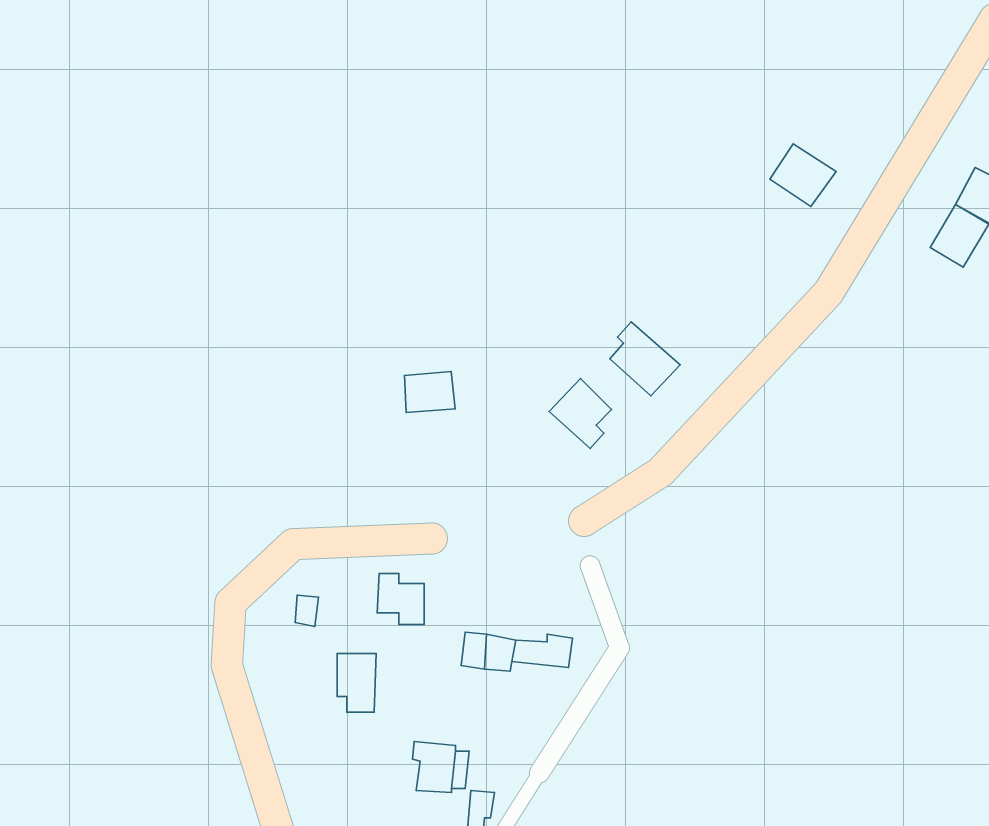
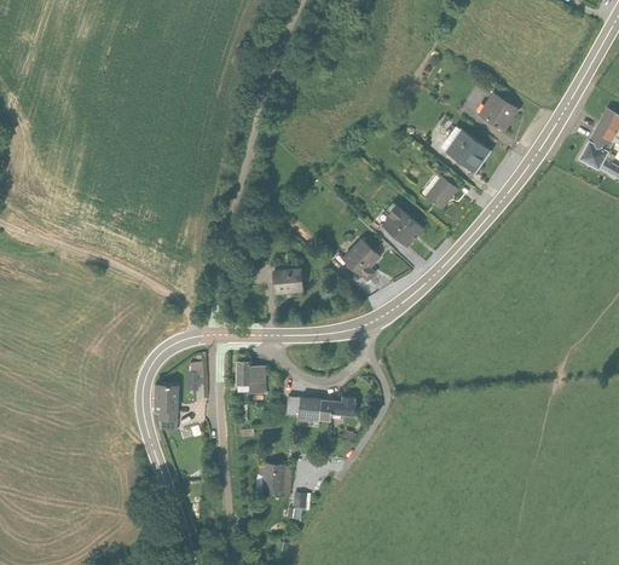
building: none -> [444,128,491,173]
building: none -> [426,177,458,211]
building: [404,372,455,413] -> [273,269,305,294]
building: [337,654,376,712] -> [152,385,177,421]

